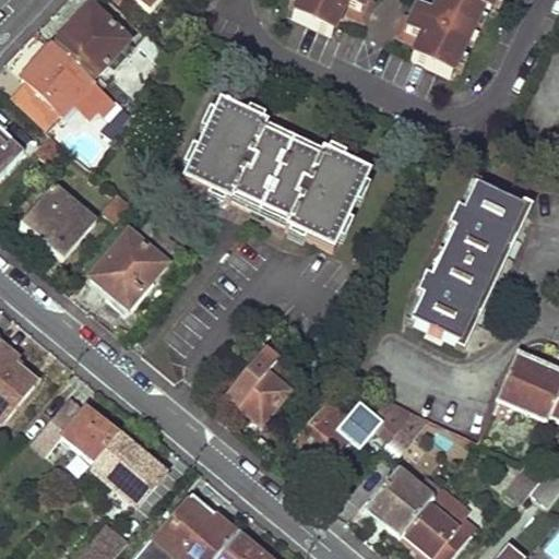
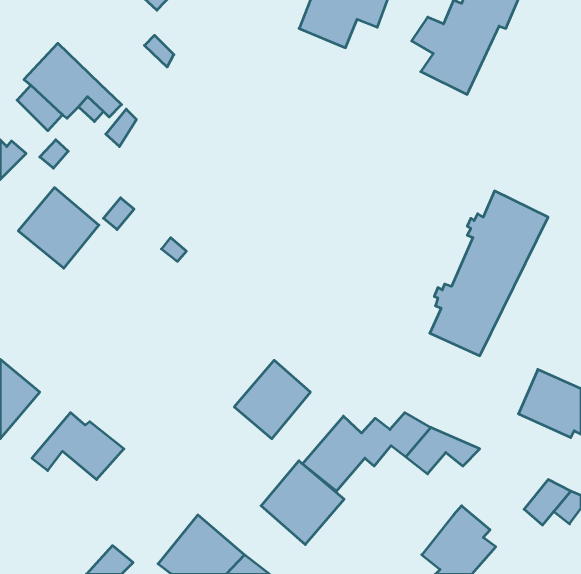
building: [56,7,132,81] -> none
building: [185,96,374,245] -> none
building: [83,224,169,311] -> none
building: [80,431,165,502] -> none
building: none -> [261,461,344,545]
building: [369,465,436,536] -> none

